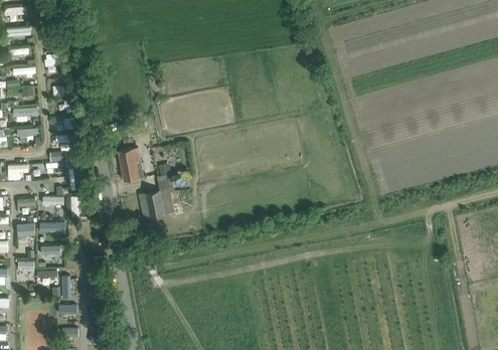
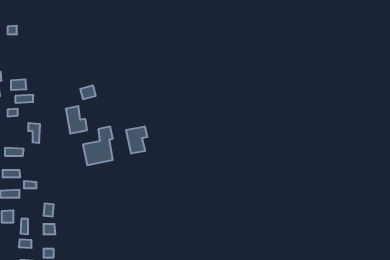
building: none -> [126,126,147,154]

